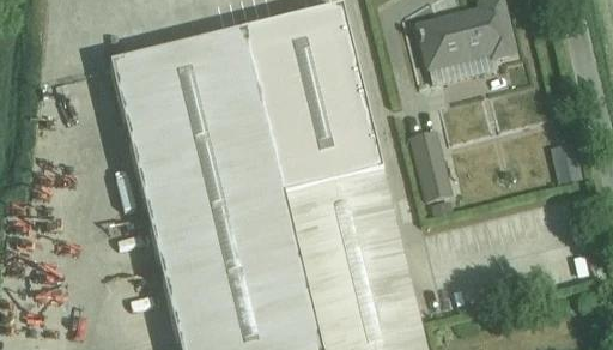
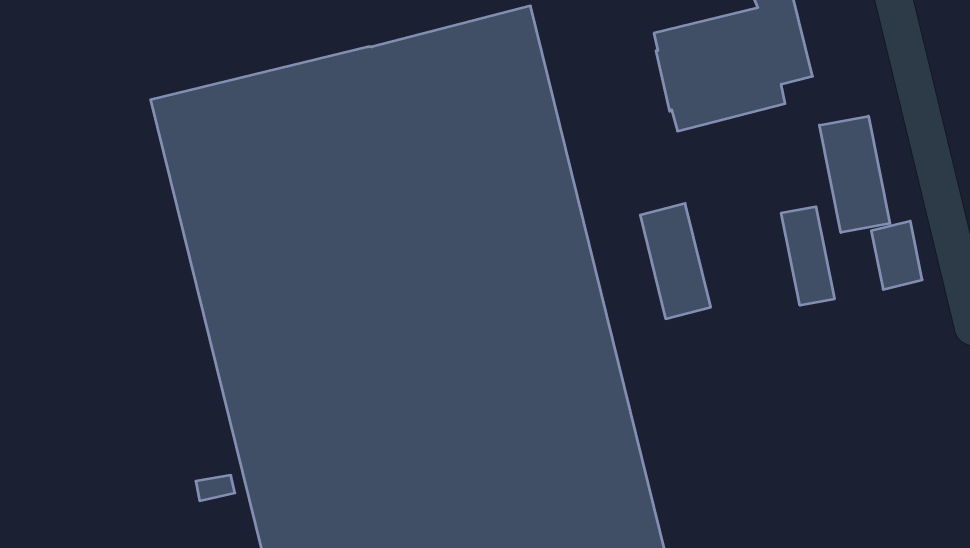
building: none -> [819,116,890,233]
building: none -> [781,207,834,305]

